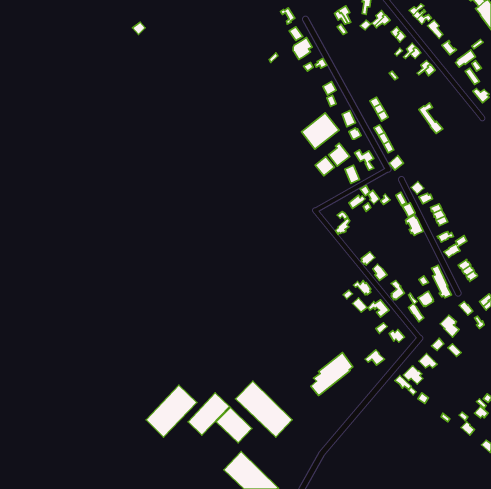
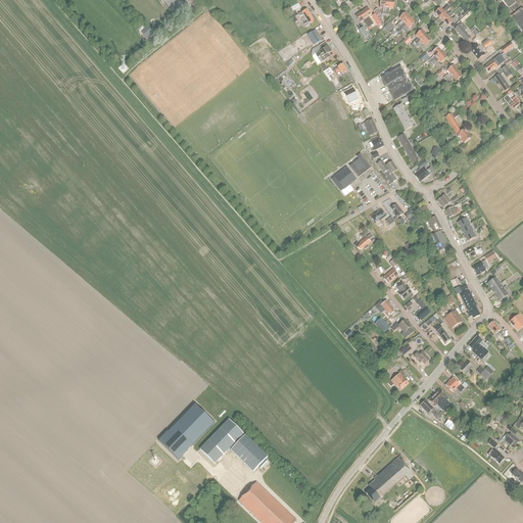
building: none -> [381,65,414,99]
building: [302,113,339,149] -> none
building: [311,352,353,396] -> [366,456,411,502]
building: [236,381,292,437] -> none

